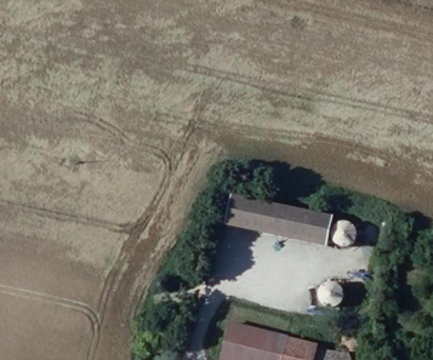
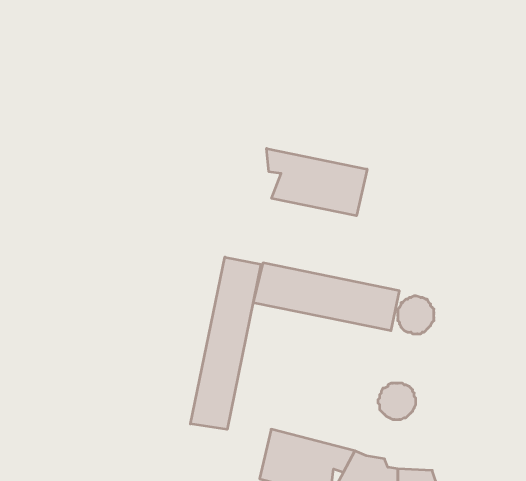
building: none -> [267,148,367,216]
building: none -> [190,257,261,429]

